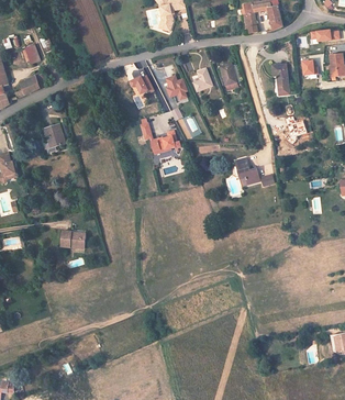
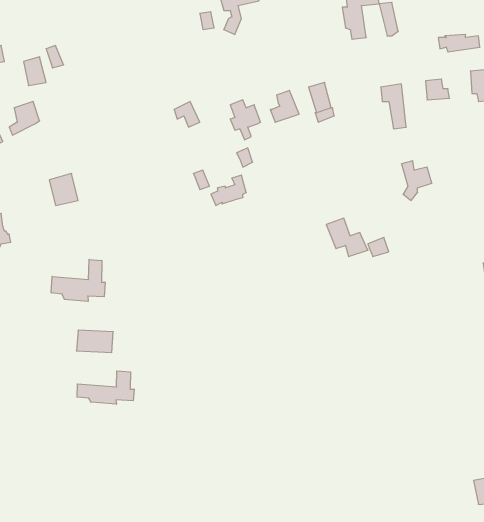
building: none -> [51,259,105,301]
building: none -> [77,371,134,404]

